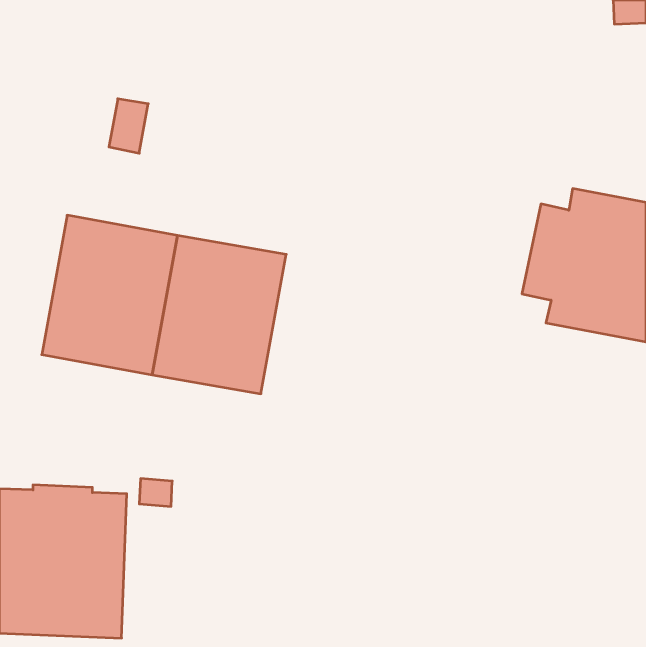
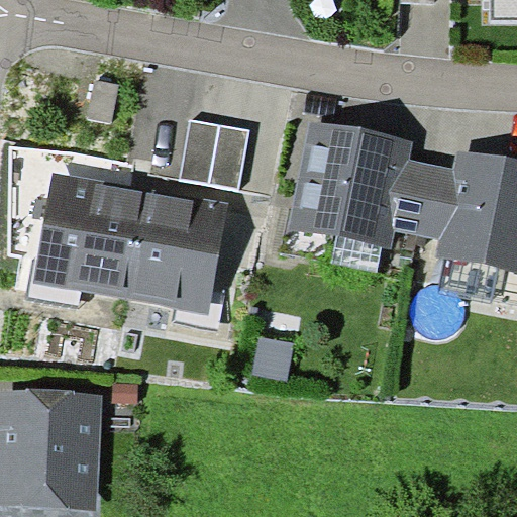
building: none -> [180,120,248,190]
building: none -> [287,121,431,248]

